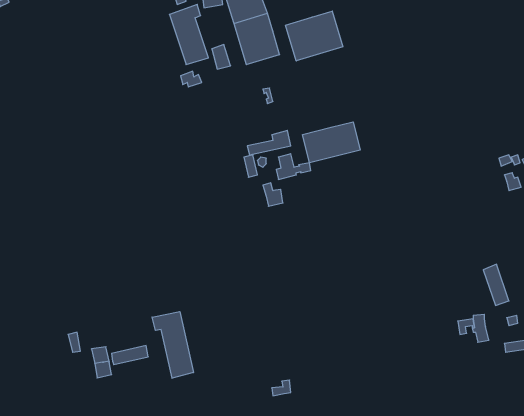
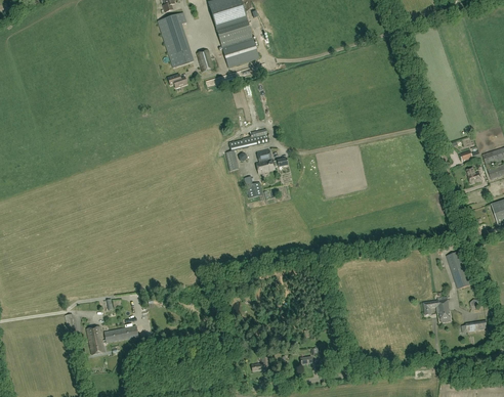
building: [286,11,343,61] -> none
building: [303,122,360,163] -> none
building: [152,312,193,378] -> none

